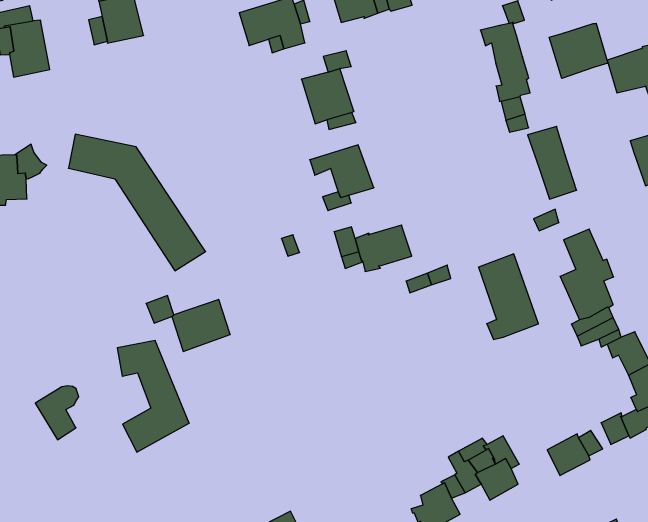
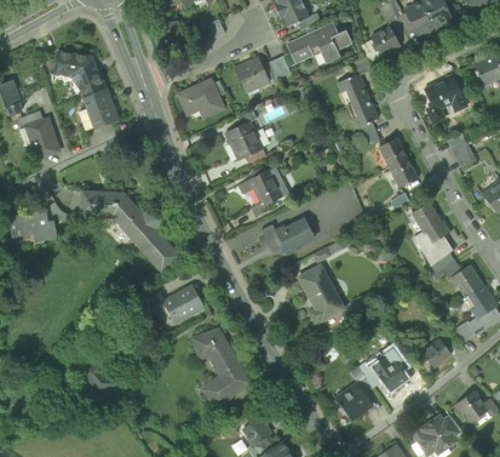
building: [549,23,608,78] -> none
building: [479,254,538,339] -> [299,264,344,322]
building: [117,341,189,452] -> [194,330,248,405]

